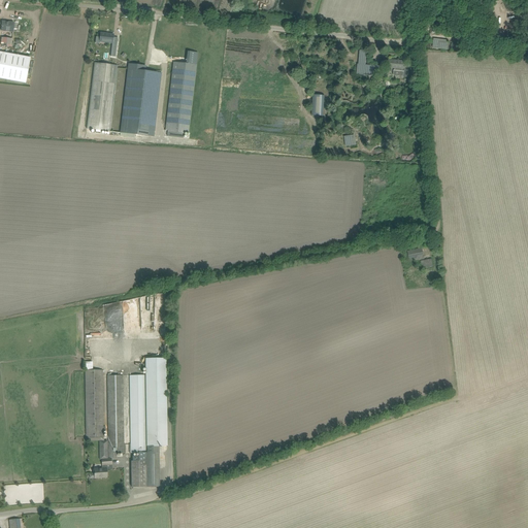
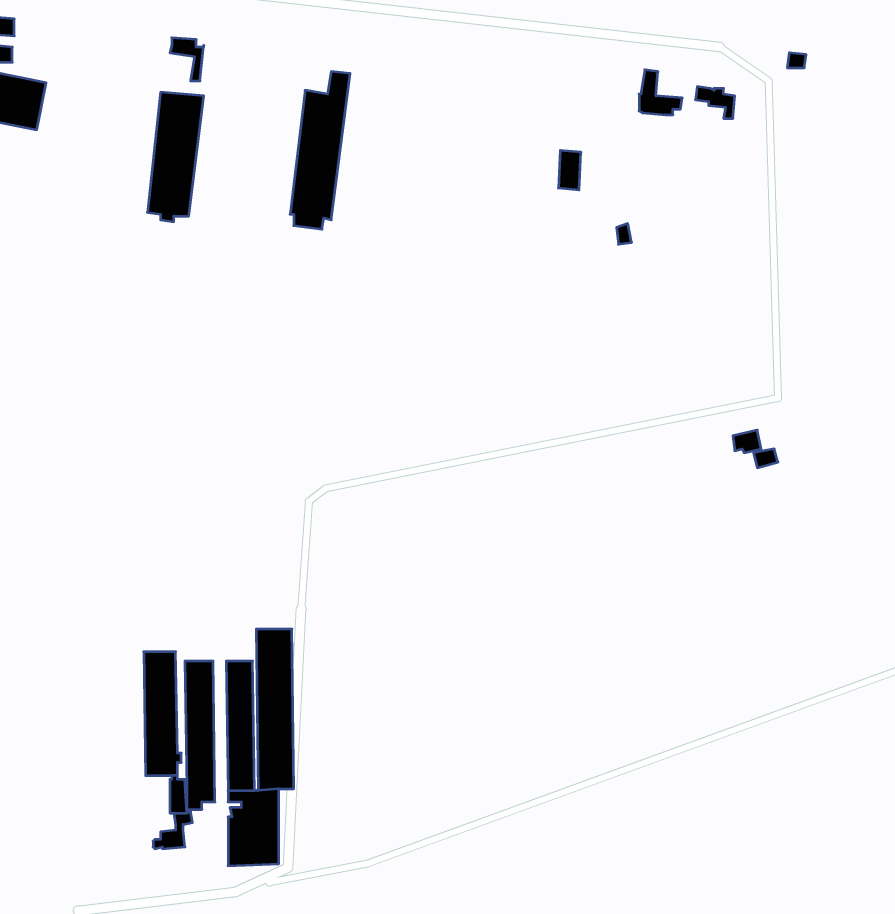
building: [119,63,161,135] -> none

